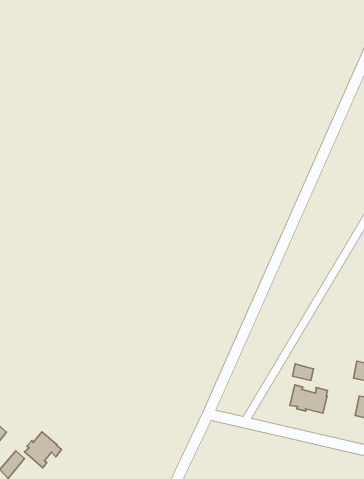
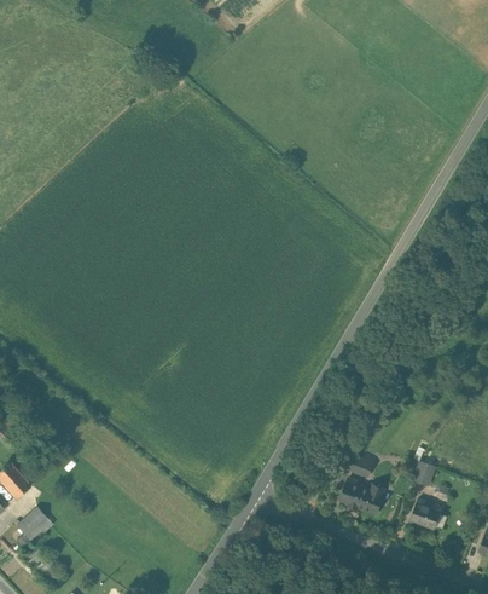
building: [25,432,62,468] -> none

